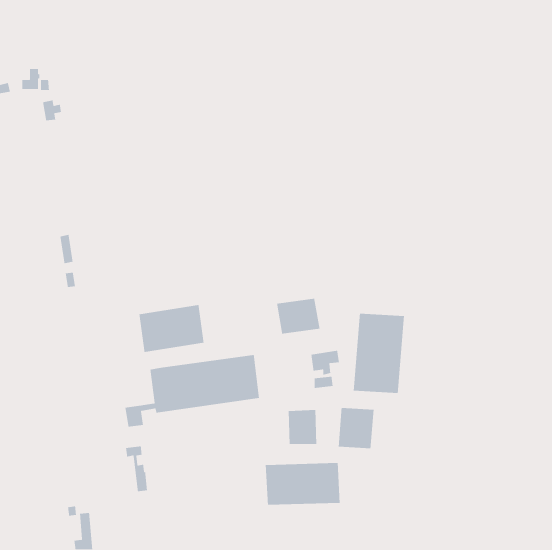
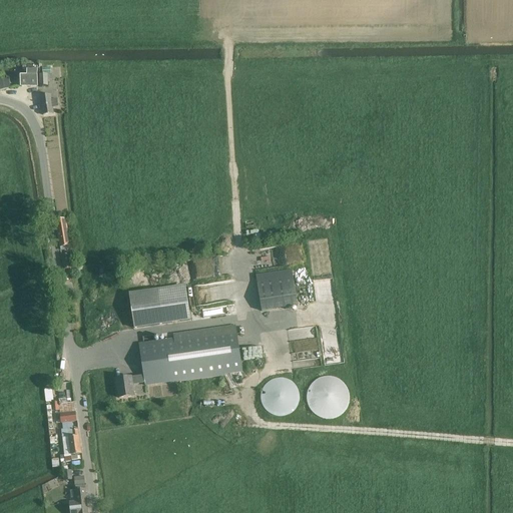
building: [353,313,405,394] -> none
building: [125,445,148,492] -> [59,410,80,453]
building: [265,462,341,506] -> none

